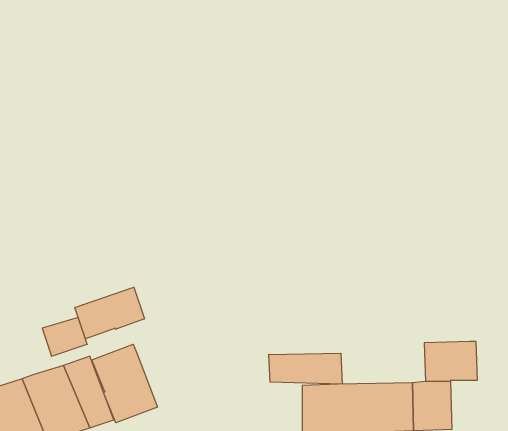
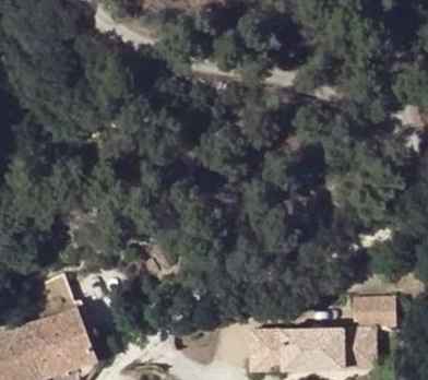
building: [75,287,144,339] -> none
building: [92,344,157,423] -> none
building: [269,353,342,384] -> none

